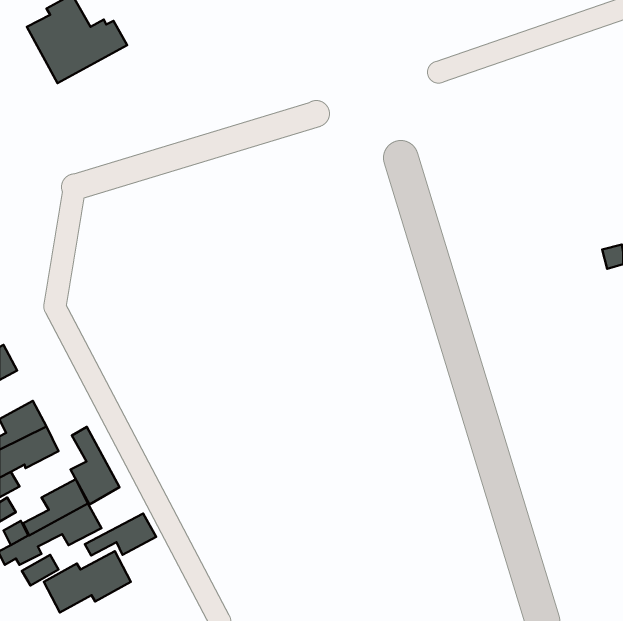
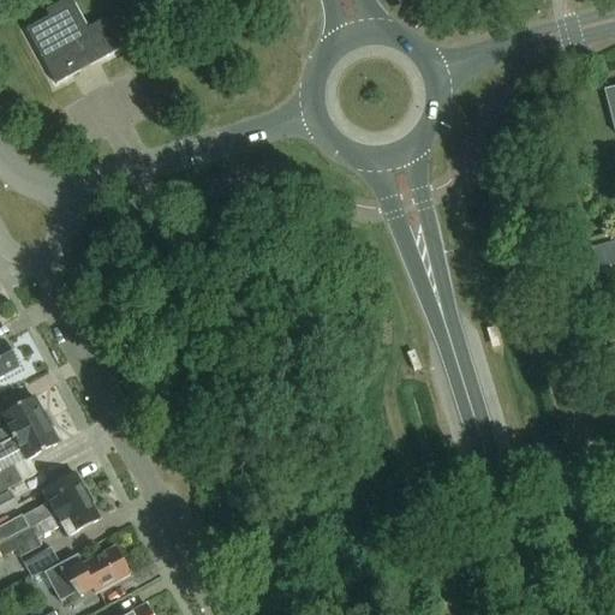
building: [70,427,120,504] -> none
building: [85,514,156,556] -> none

